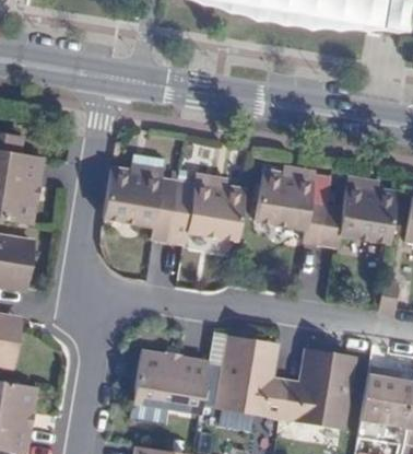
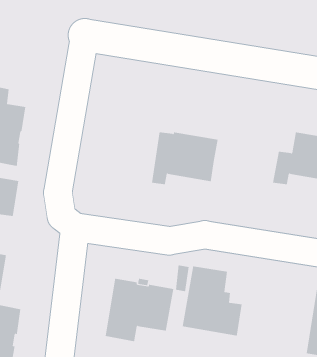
building: [116,158,190,243] -> none
building: [253,171,326,243] -> none
building: [280,350,353,427] -> none

